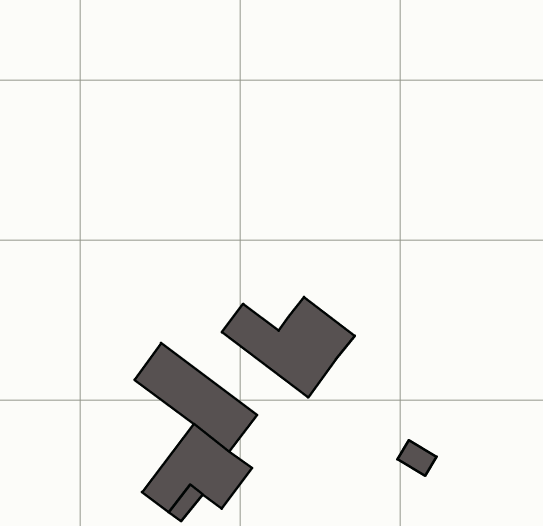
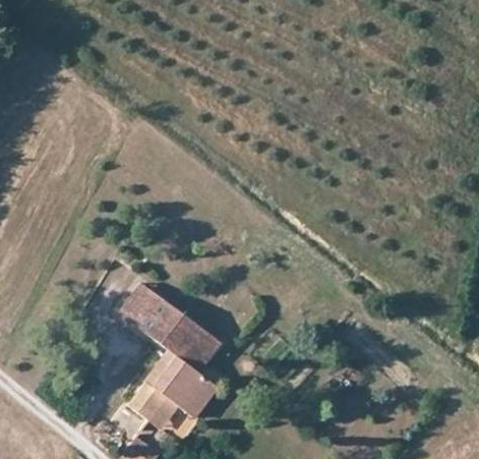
building: [222,297,355,397] -> none

